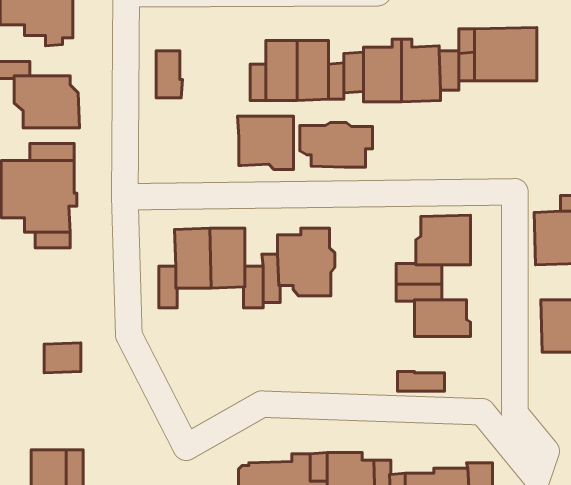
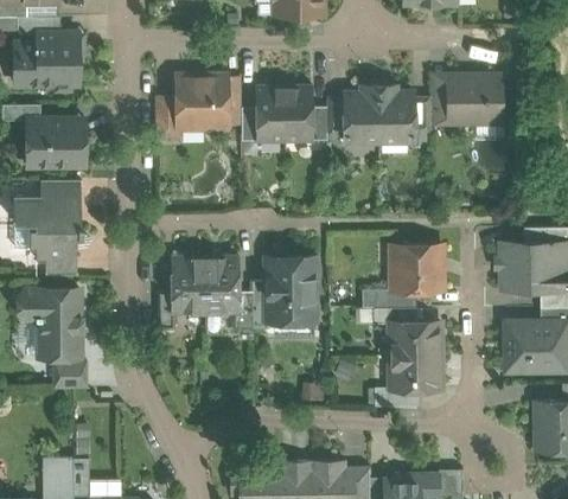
building: [237,116,293,170] -> [175,77,226,126]
building: [300,123,373,167] -> none
building: none -> [20,290,81,357]
building: none -> [390,356,441,389]

